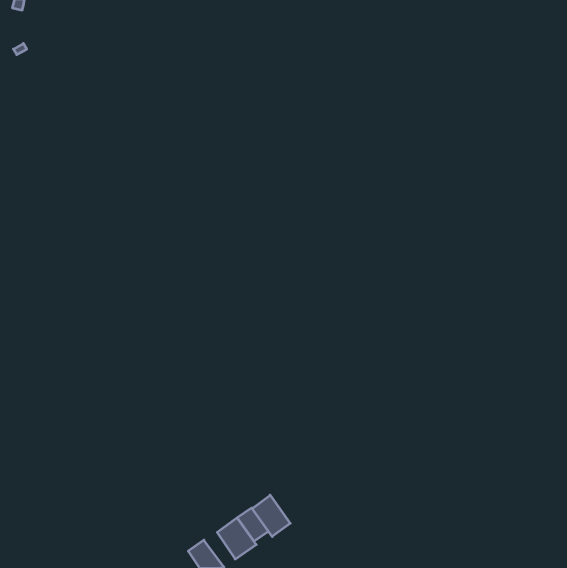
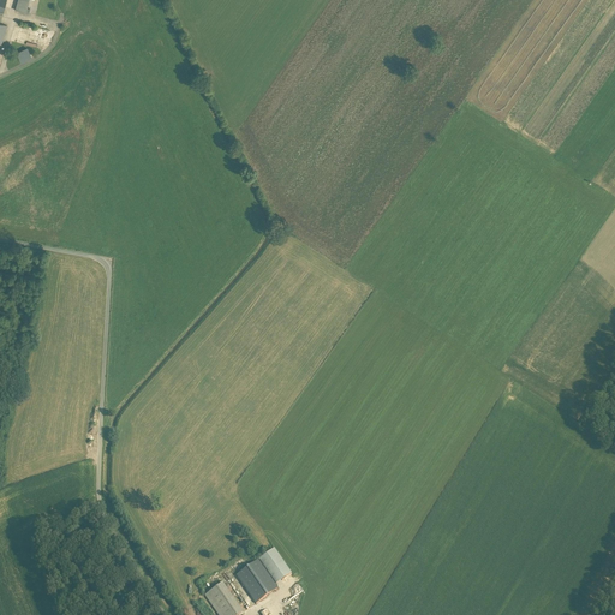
building: [252,495,290,537] -> none

